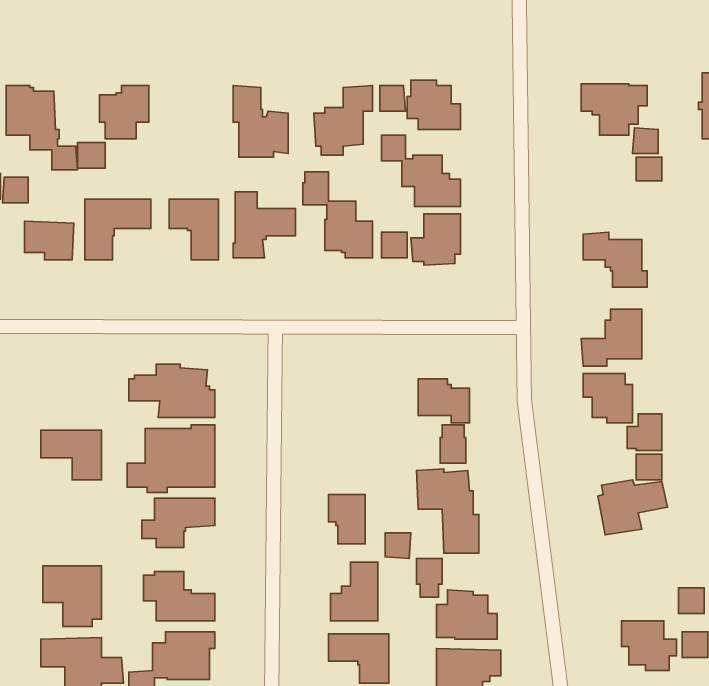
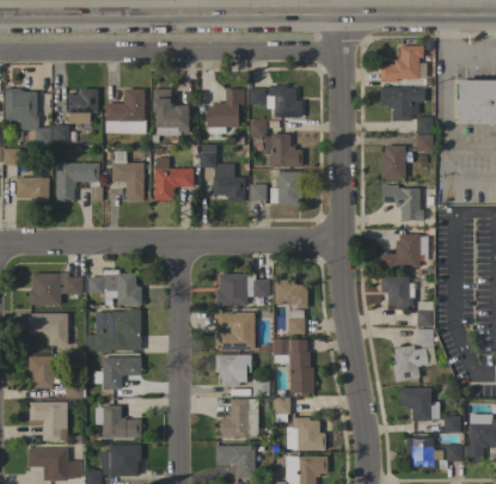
building: none -> [380,45,423,81]
building: none -> [105,90,146,133]
building: none -> [381,146,405,178]
building: none -> [29,272,81,305]
building: none -> [215,274,269,306]
building: none -> [214,313,255,350]
building: none -> [29,356,81,398]
building: none -> [399,387,430,421]

